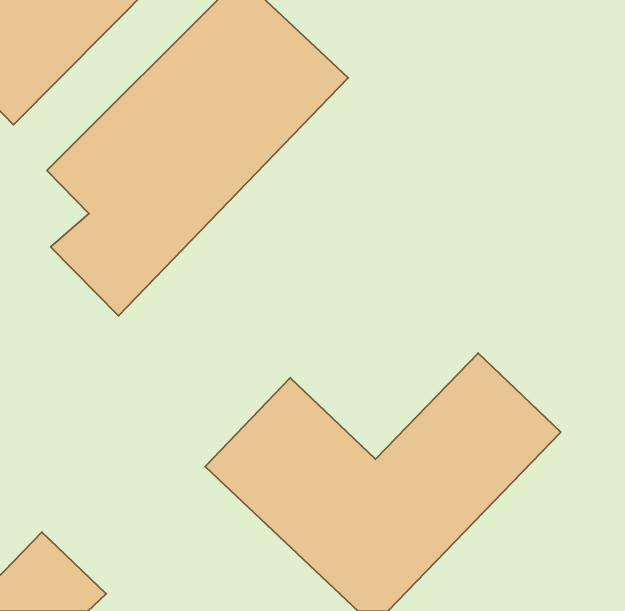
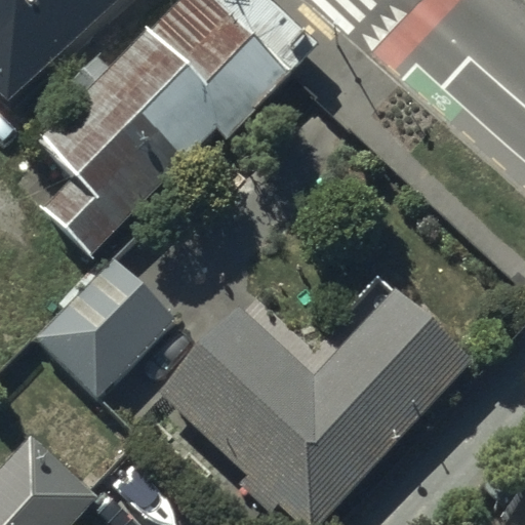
building: none -> [42,257,173,389]

